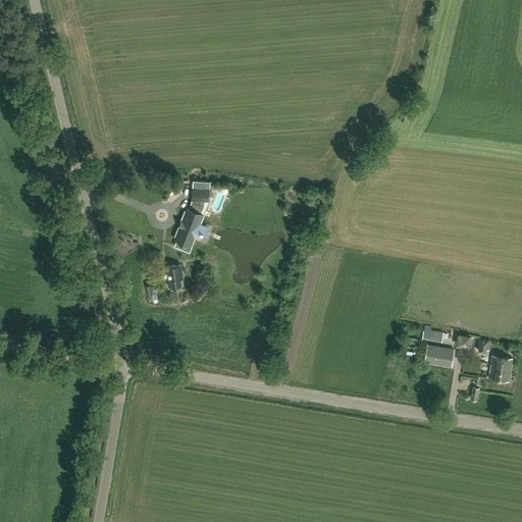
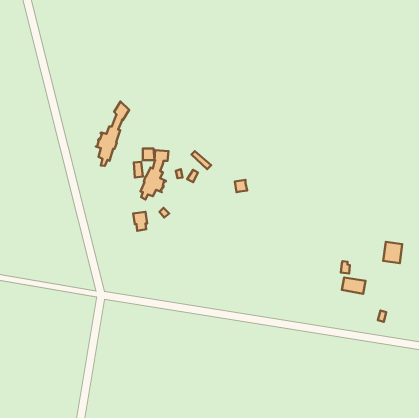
building: none -> [96,101,129,166]
building: [489,356,513,382] -> [383,242,402,263]

